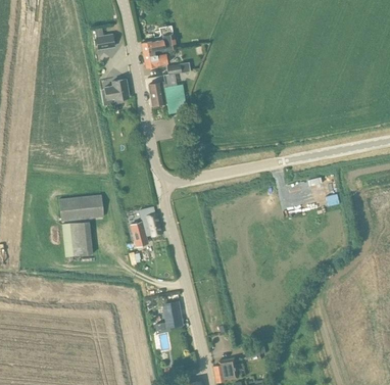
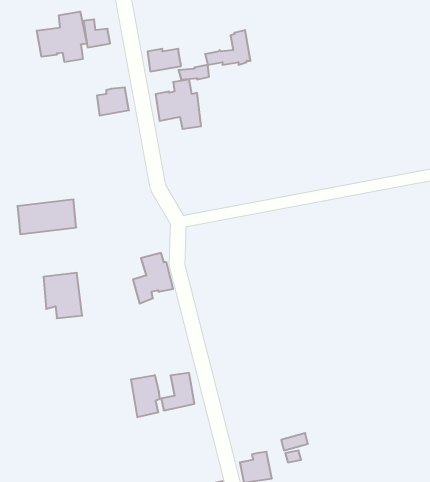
building: none -> [37,11,87,62]
building: [141,26,176,52] -> [205,30,251,65]
building: [58,195,103,222] -> [17,199,76,234]
building: none -> [131,375,160,417]

